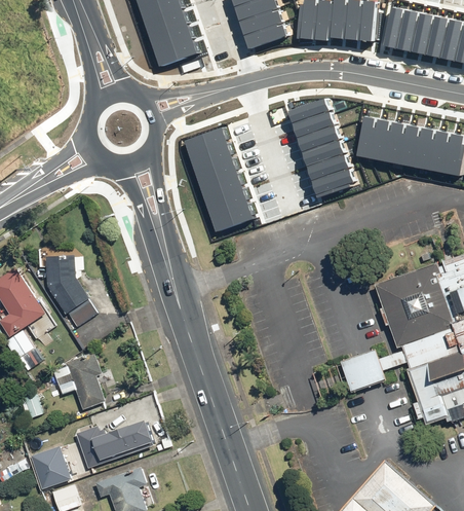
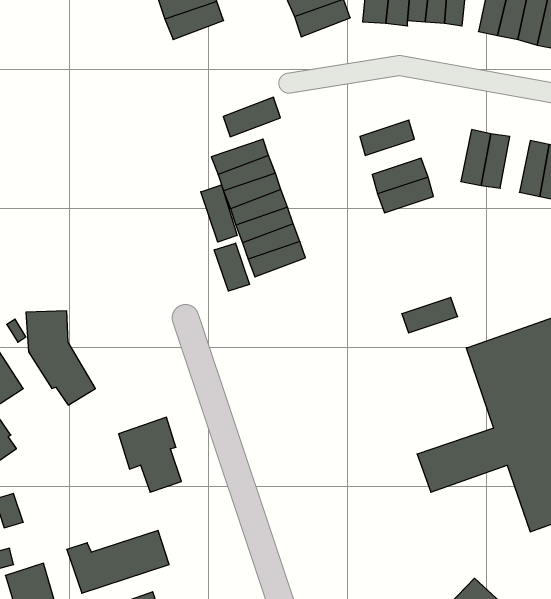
building: [155,37,198,67] -> [223,97,280,137]
building: [291,99,333,124] -> none
building: [357,116,380,158] -> none
building: [401,124,424,167] -> none
building: [300,126,342,153] -> none
building: none -> [201,185,237,242]
building: [314,170,356,196] -> [402,297,458,333]
building: none -> [214,243,250,291]
building: [56,353,104,409] -> [119,417,181,492]

